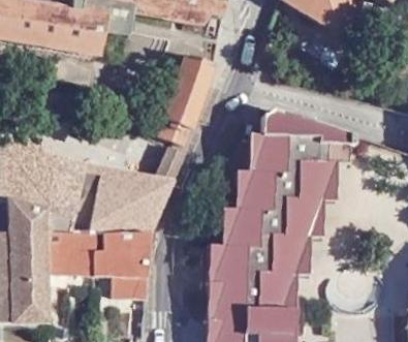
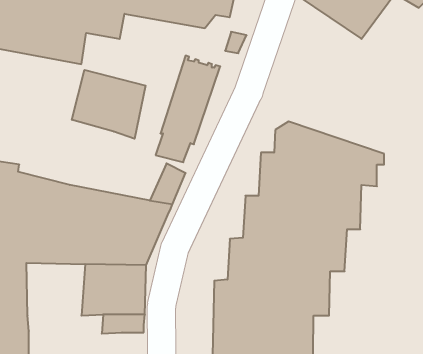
building: none -> [72,70,146,139]
building: [48,229,98,275] -> none

